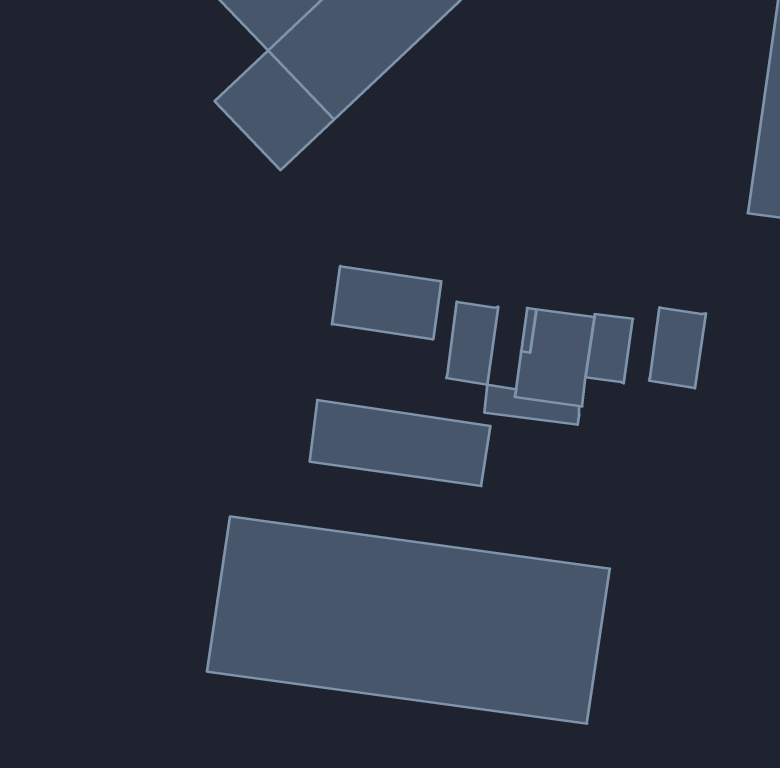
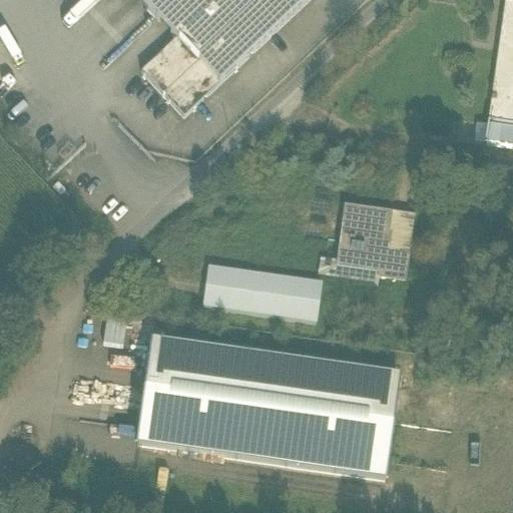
building: [332,266,441,339] -> none
building: [446,302,498,385] -> none
building: [649,307,706,388] -> none
building: none -> [381,246,408,275]

